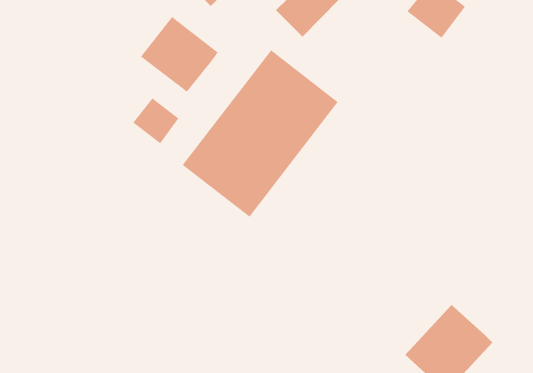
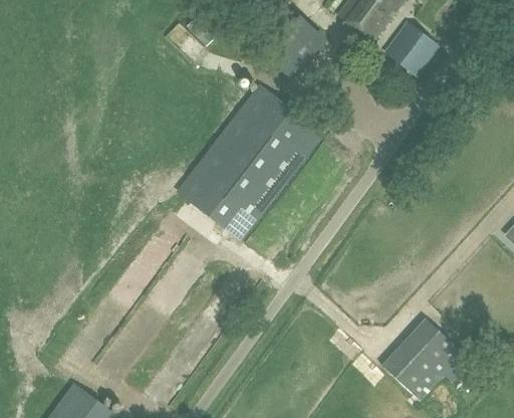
building: [140,16,219,93] -> none
building: [132,97,179,144] -> none

